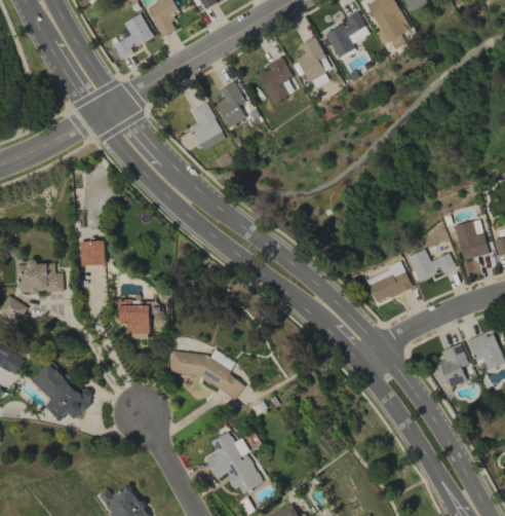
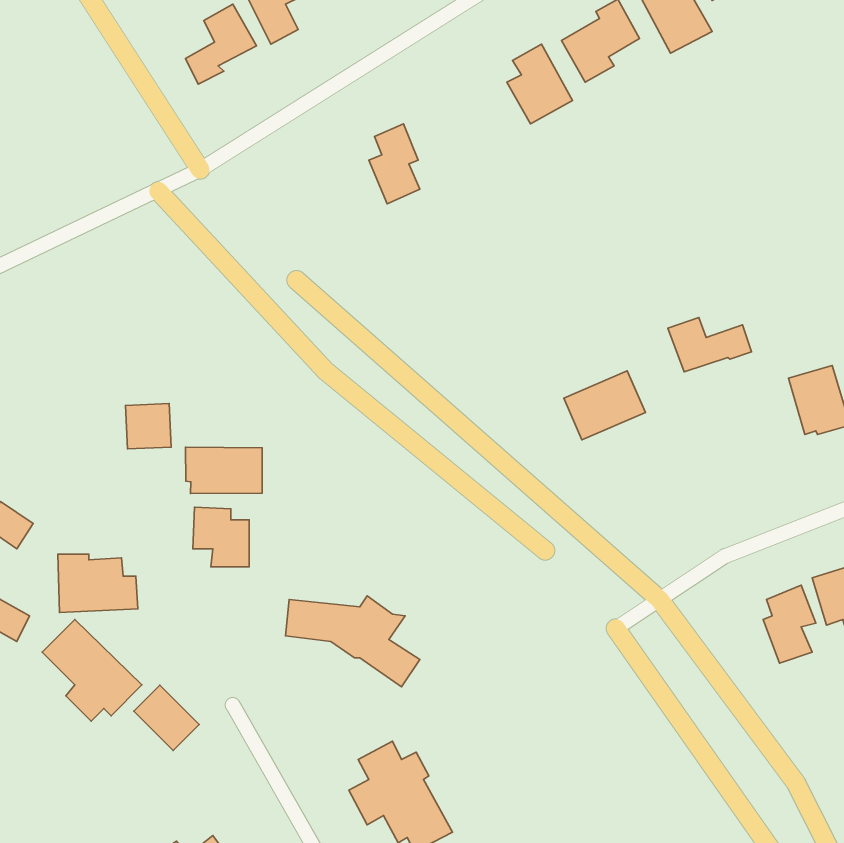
building: [256,57,294,103] -> none
building: [191,102,225,150] -> none
building: [407,249,455,280] -> [668,317,751,372]
building: [18,260,64,293] -> [58,554,138,612]
building: [365,263,412,302] -> [564,371,645,440]
building: none -> [185,447,262,493]
building: none -> [134,685,199,751]

